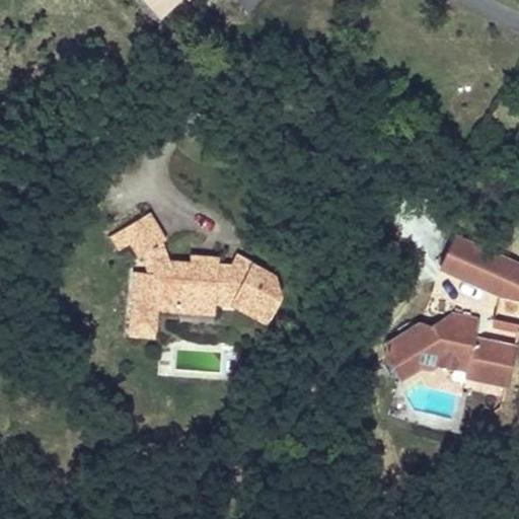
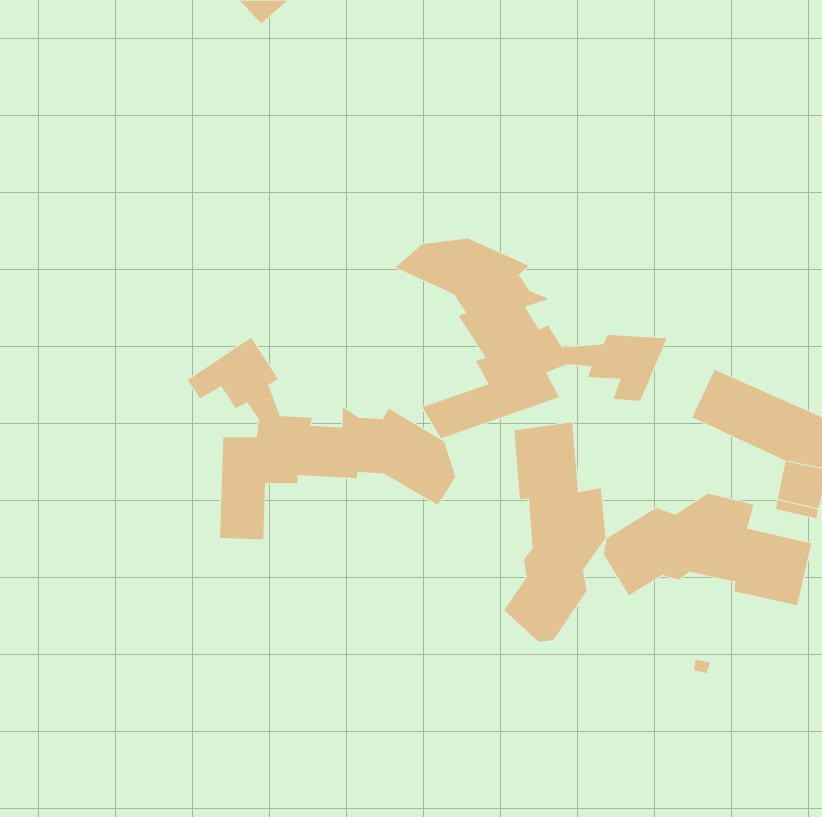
building: none -> [394,238,667,439]
building: none -> [503,421,606,642]

